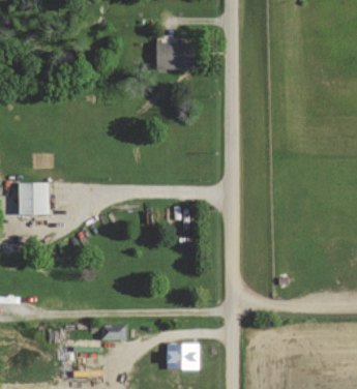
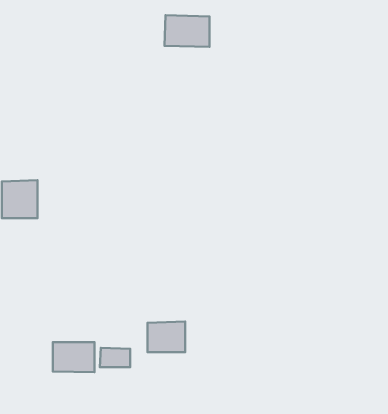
building: none -> [53,342,95,372]
building: [167,343,199,369] -> [147,322,185,352]

